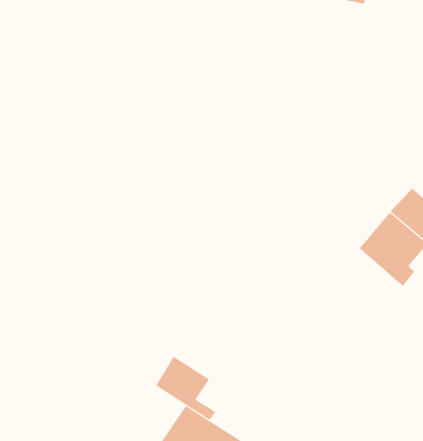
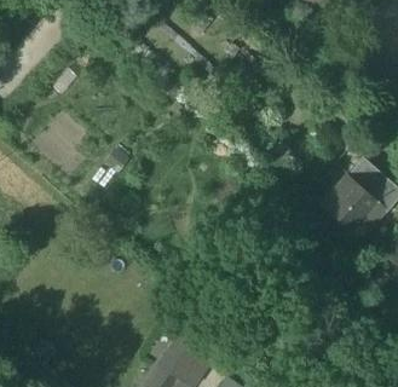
building: [156,356,216,421] -> none

